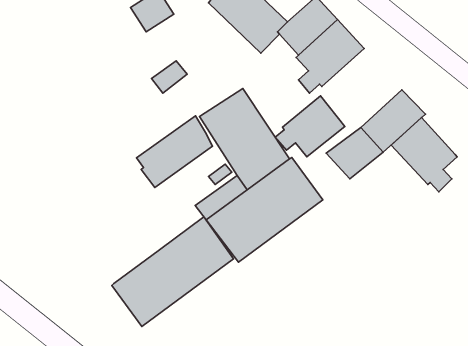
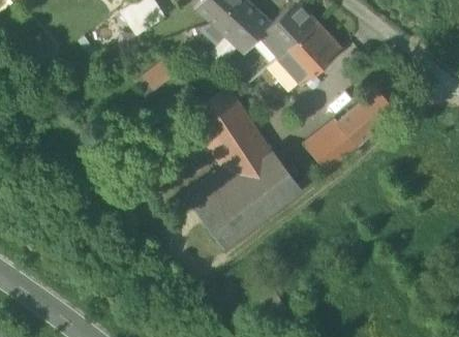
building: [275,96,345,157] -> none
building: [136,116,213,187] -> none
building: [391,118,457,192] -> none
building: [112,217,234,326] -> none

